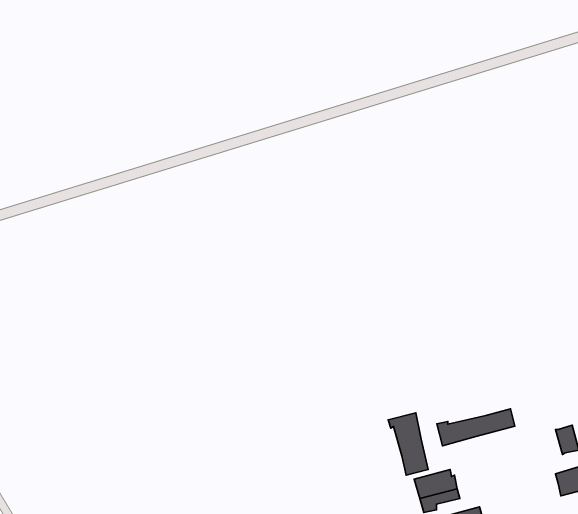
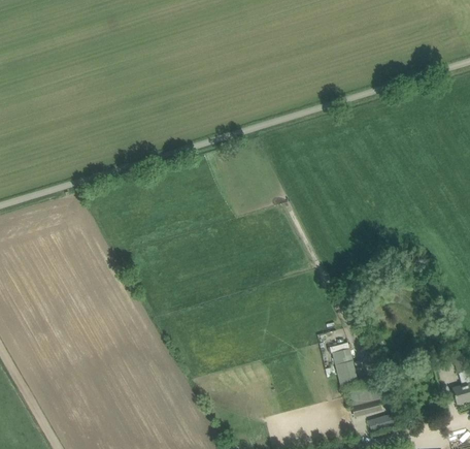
building: [437,409,515,446] -> none

